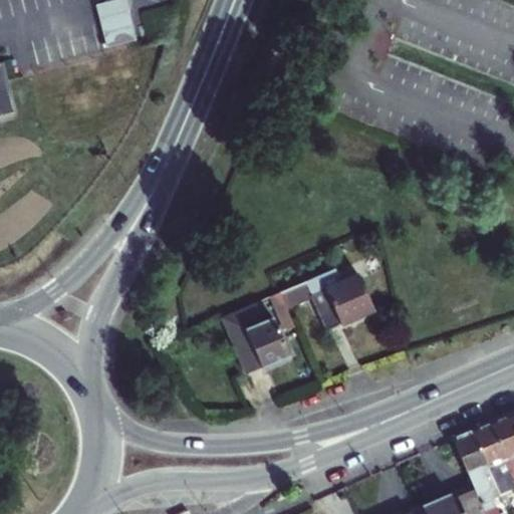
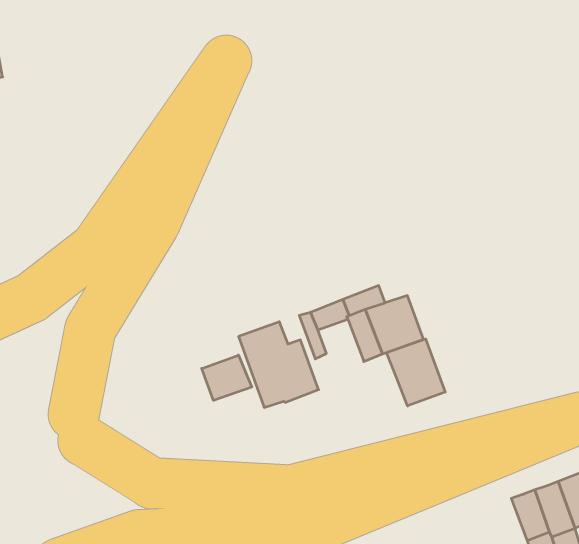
building: none -> [386,339,445,406]
building: none -> [202,355,252,400]

